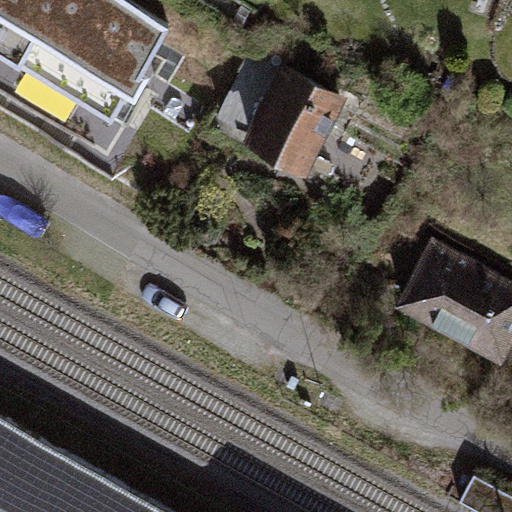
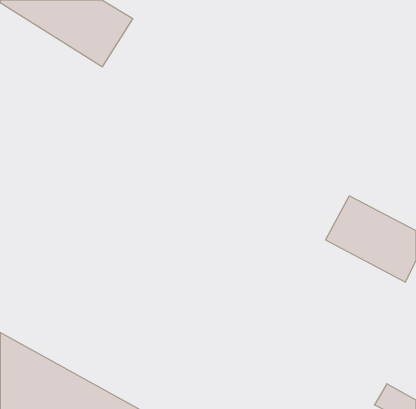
building: [237,72,343,173] -> none

